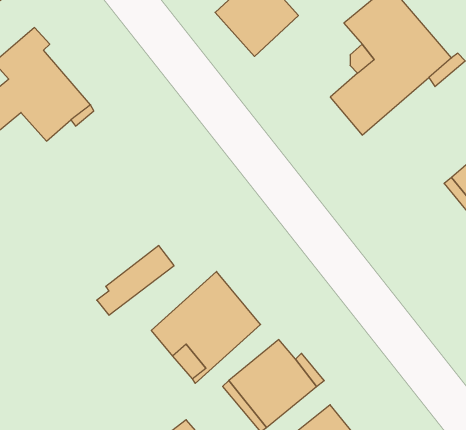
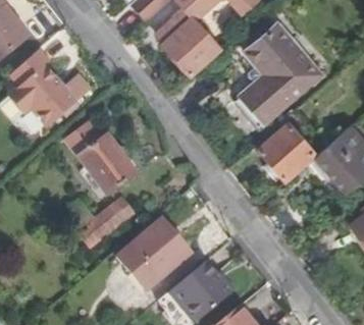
building: none -> [259,123,314,177]
building: none -> [67,125,137,197]

